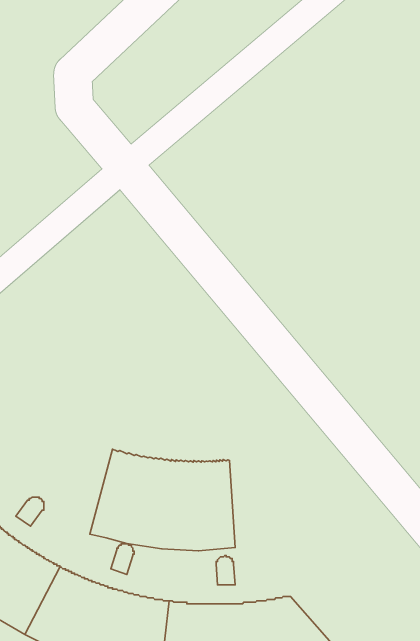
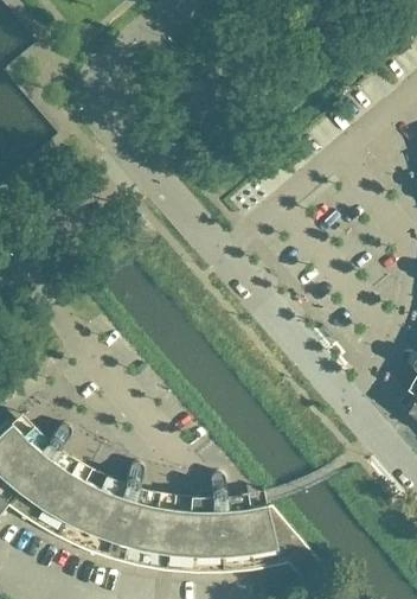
building: [90,449,235,551] -> none

